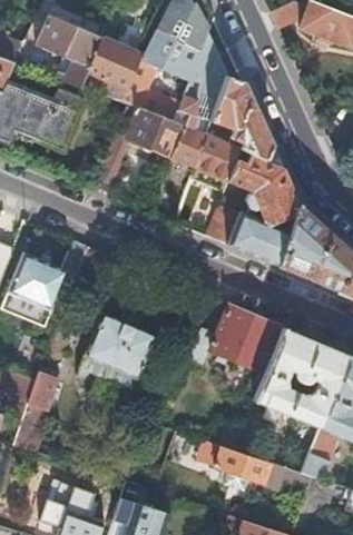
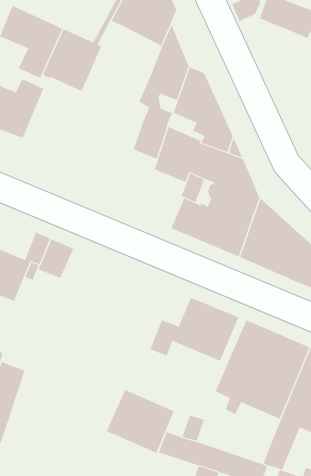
building: [92,29,199,191] -> none
building: [85,314,154,378] -> [106,389,175,453]

